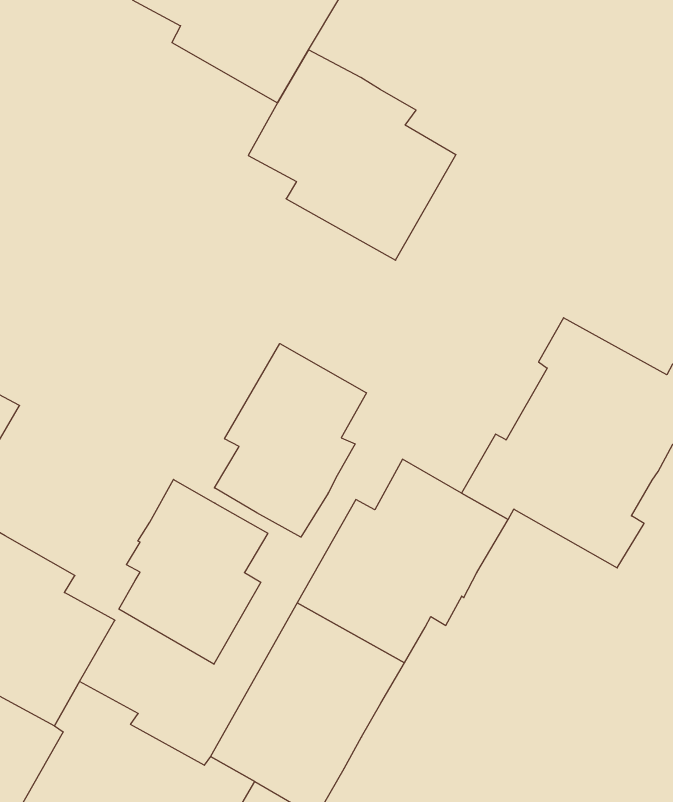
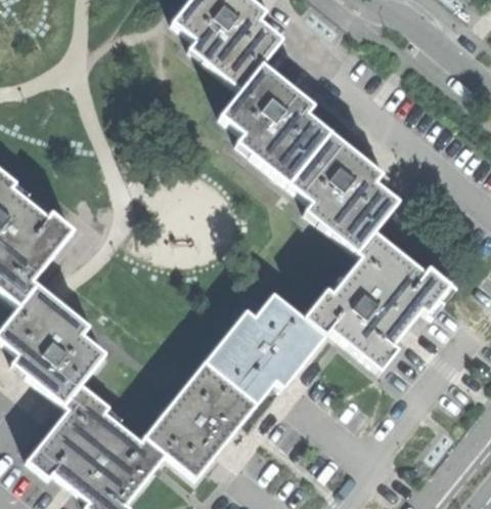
building: none -> [289,134,399,253]
building: [214,344,366,537] -> none
building: [119,479,268,664] -> none

